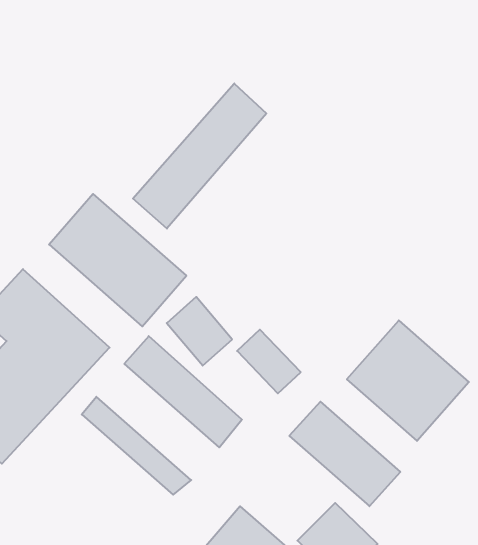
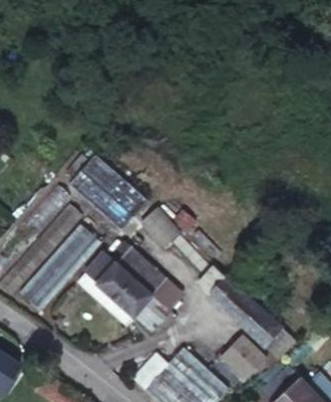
building: [133,83,266,229] -> none
building: [347,320,469,441] -> none
building: none -> [93,255,169,327]

